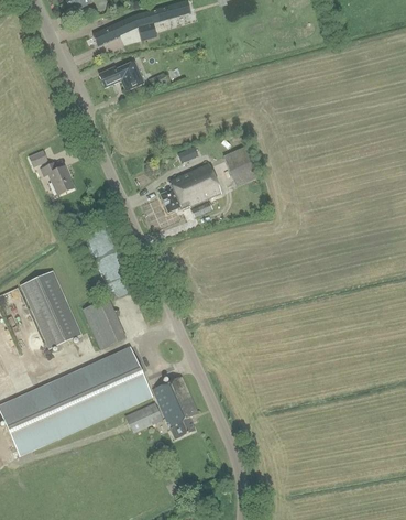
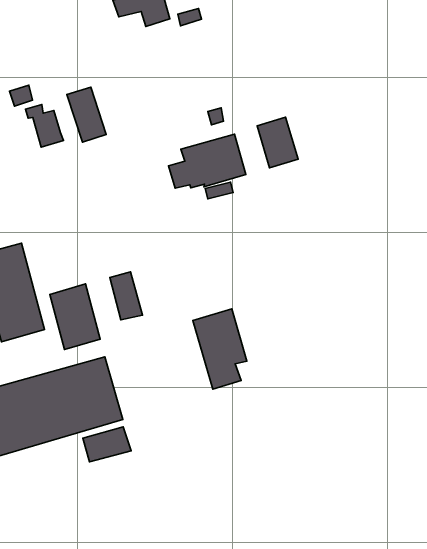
building: none -> [67,87,106,142]
building: none -> [110,272,143,320]
building: [153,376,199,440] -> [193,309,247,389]

